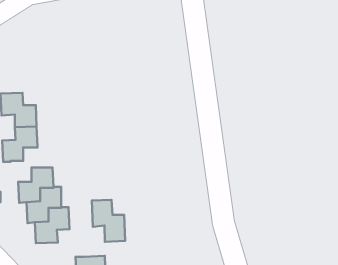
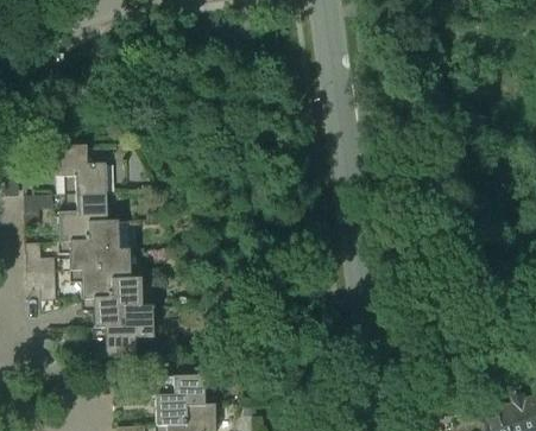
building: none -> [69,221,128,272]
building: [92,200,125,242] -> none

